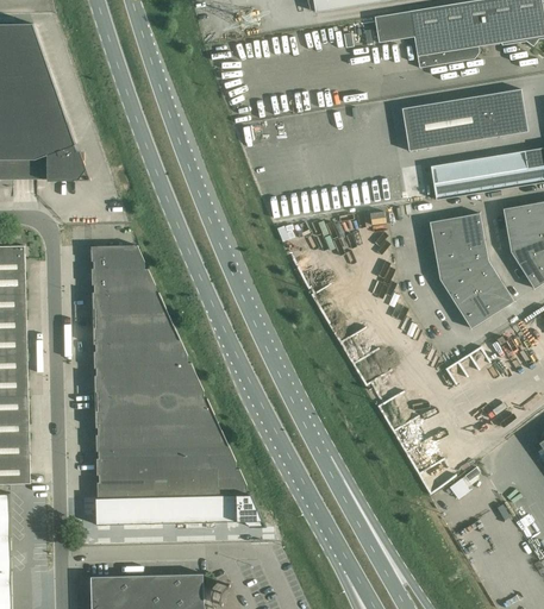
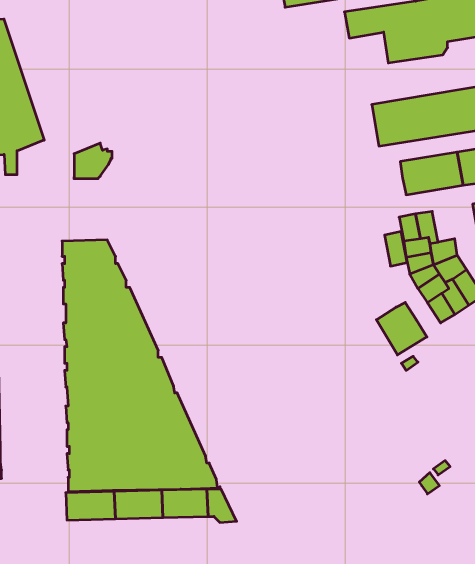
building: [45,144,83,180] -> [74,143,112,179]
building: [462,212,484,246] -> [385,232,407,266]
building: none -> [376,302,427,355]

